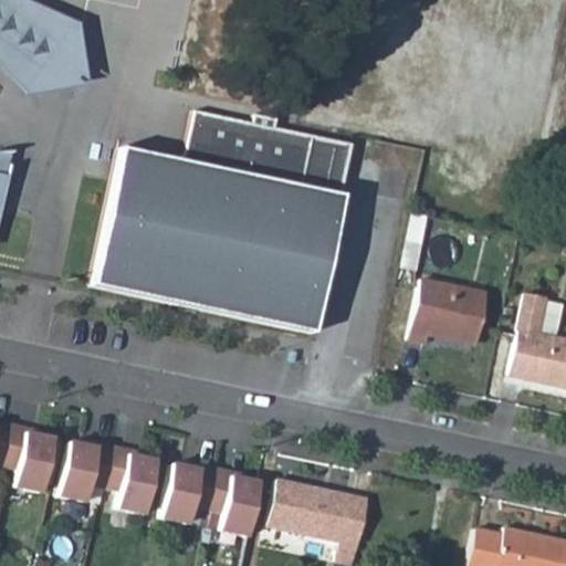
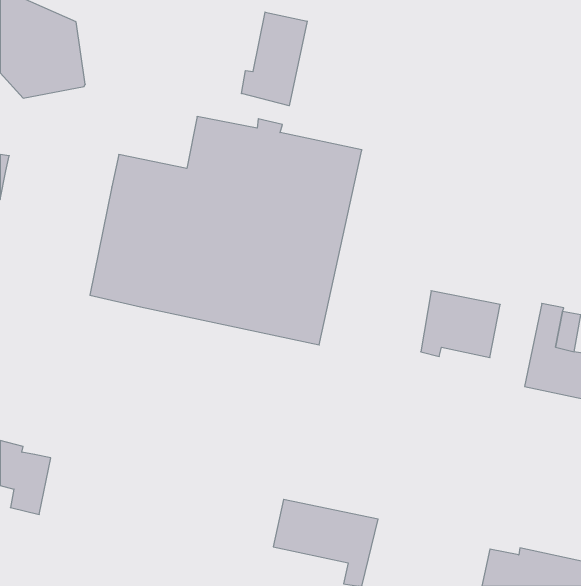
building: none -> [241,12,307,106]
building: [61,442,157,514] -> none
building: [164,463,261,535] -> none

